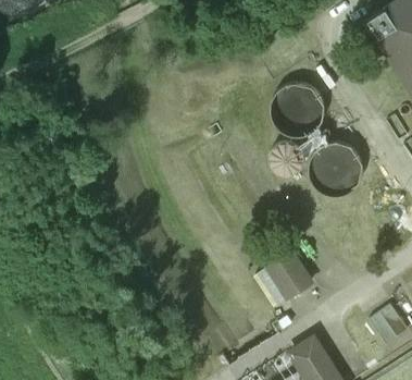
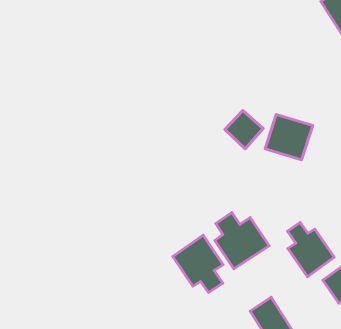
building: [276,85,315,125] -> none
building: none -> [287,223,334,277]
building: none -> [173,235,223,293]

